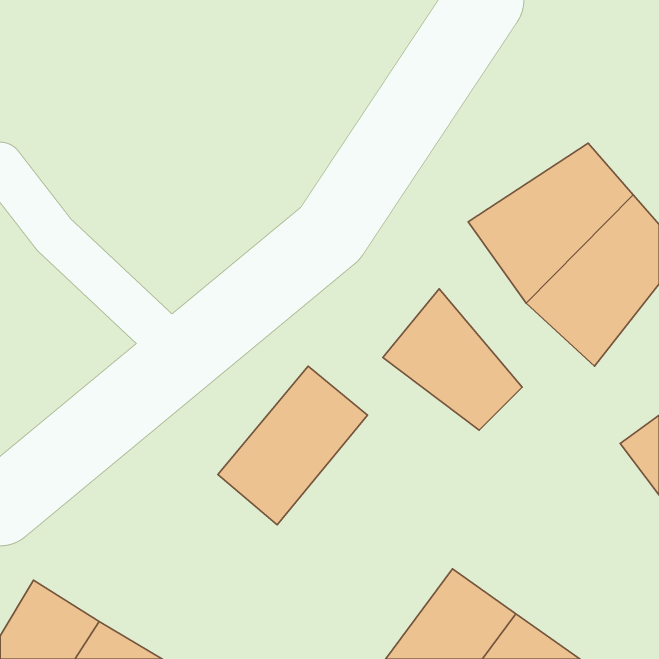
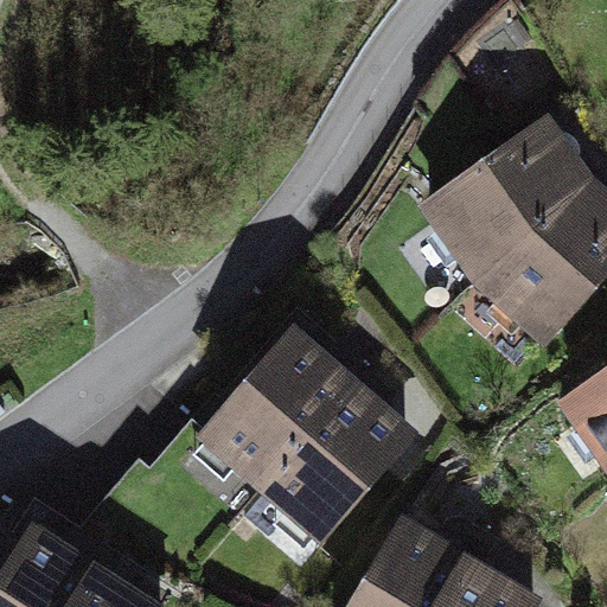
building: [383,289,522,430] -> none
building: none -> [255,382,398,532]

